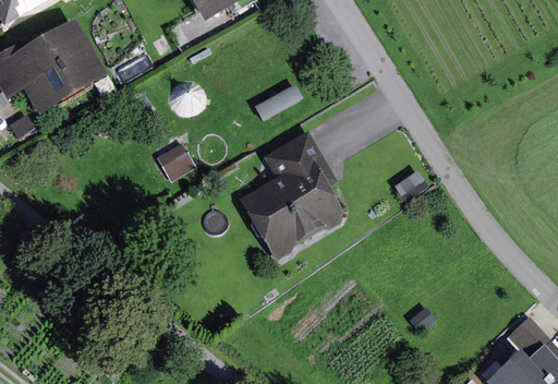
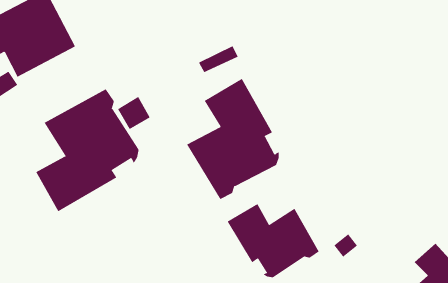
building: none -> [35,89,139,212]
building: none -> [227,203,319,278]

